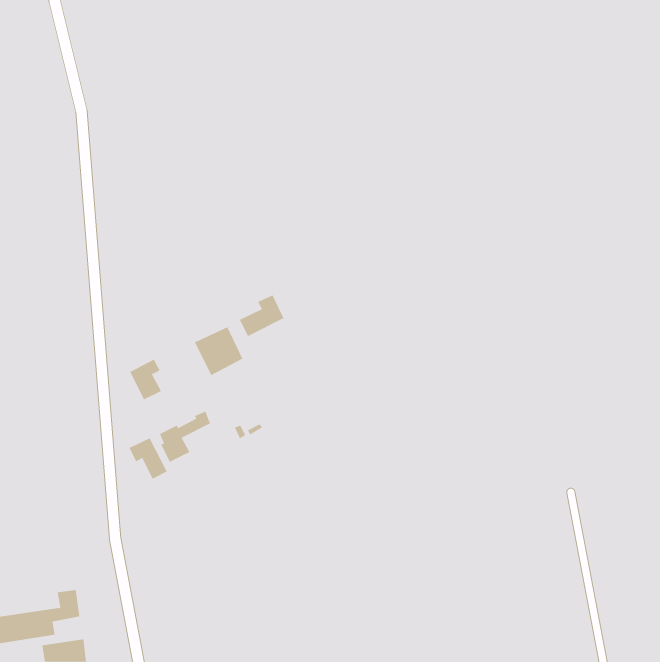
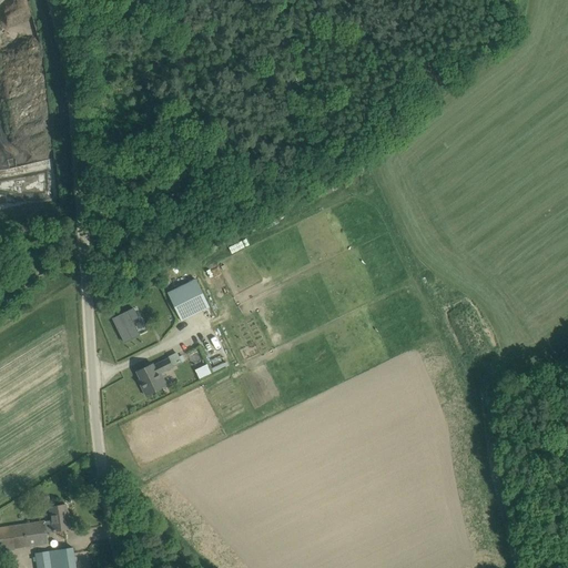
building: [239,294,284,337] -> none
building: [129,437,168,480] -> none

